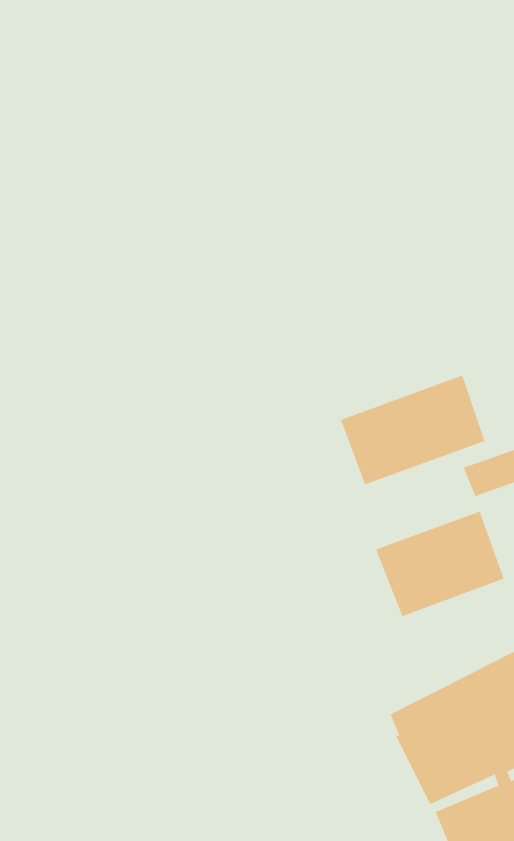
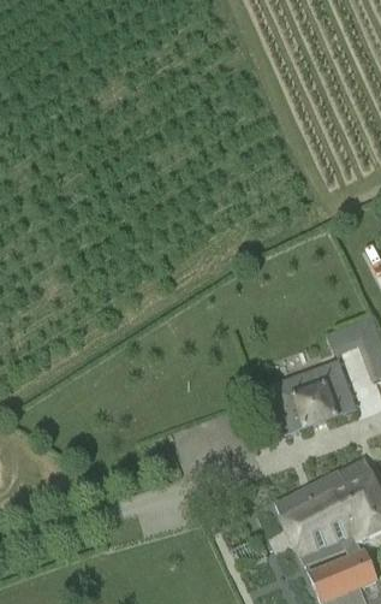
building: [340,375,485,485] -> none

